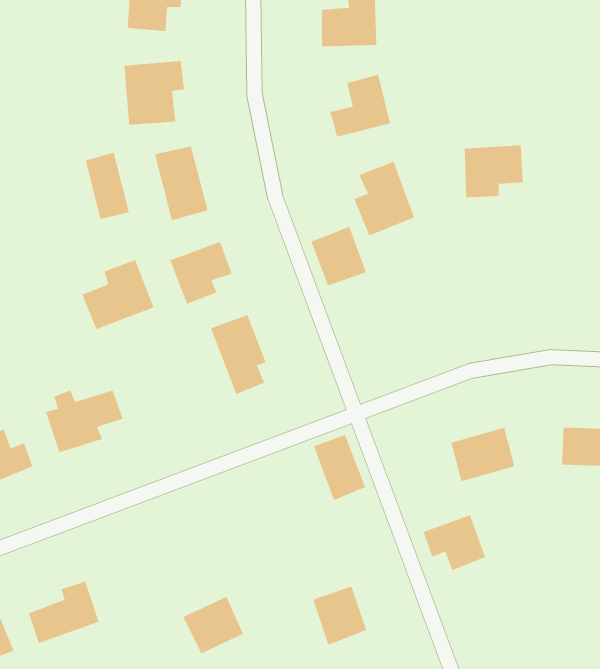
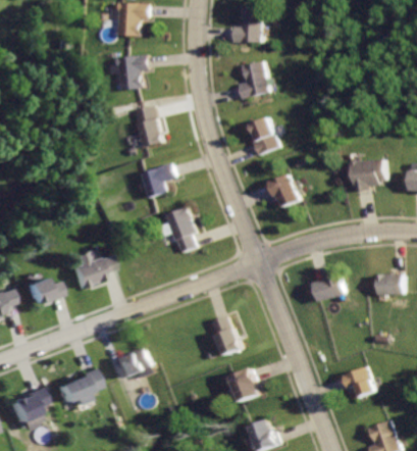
building: [464,145,523,198] -> [353,159,388,191]
building: [85,152,130,220] -> none
building: [311,226,367,286] -> [270,171,304,207]
building: [82,259,154,330] -> none
building: [313,434,366,501] -> [207,313,239,353]
building: [423,515,486,571] -> [337,365,375,399]
building: [183,596,244,654] -> [112,343,149,378]

